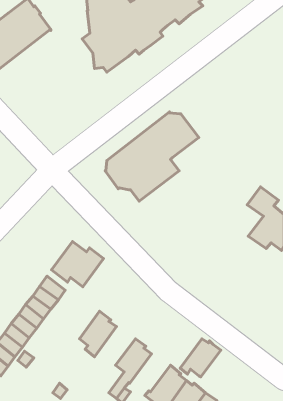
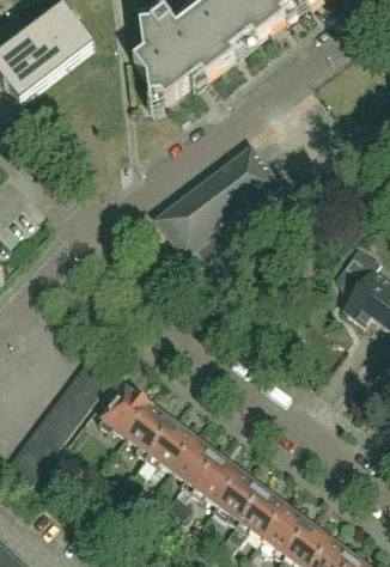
building: [51,241,104,287] -> [90,378,156,435]
building: none -> [148,420,200,469]
building: [180,339,221,377] -> [193,455,244,502]

